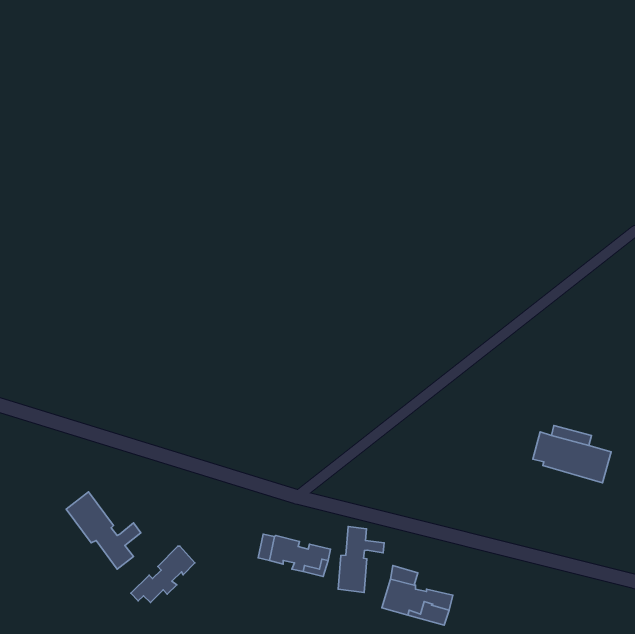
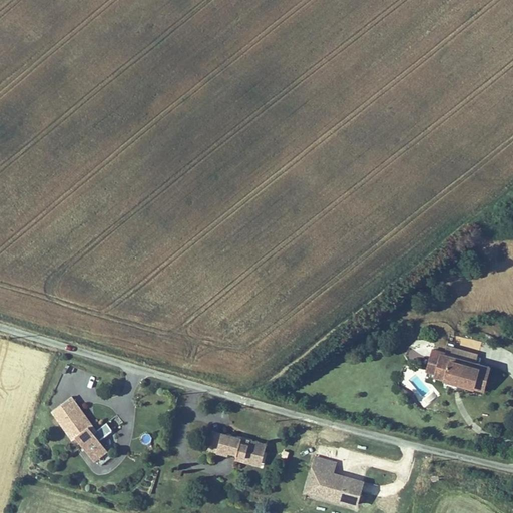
building: [338,527,384,593] -> none
building: [131,546,195,603] -> none

